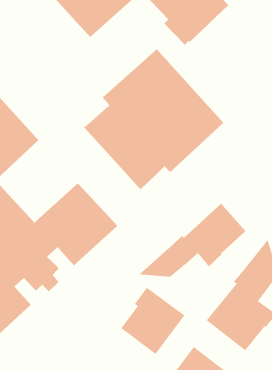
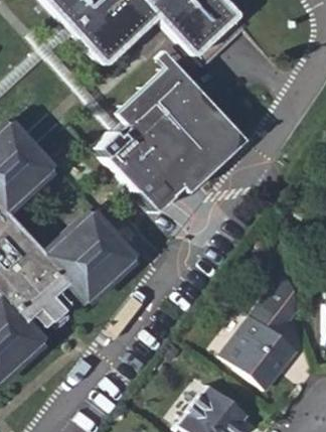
building: [138,203,246,278] -> none
building: [121,287,185,355] -> none

